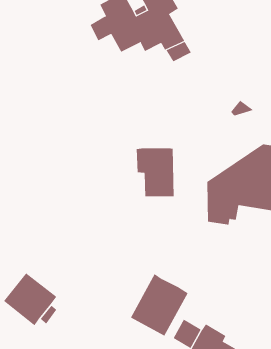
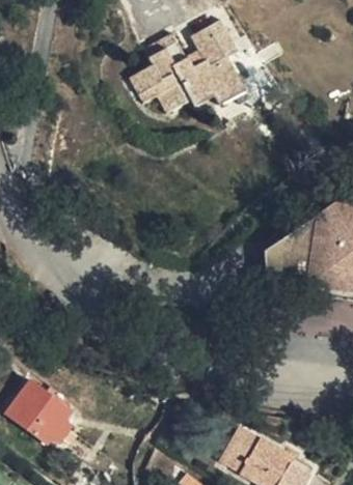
building: [136,148,174,197] -> none
building: [130,273,188,336] -> none

